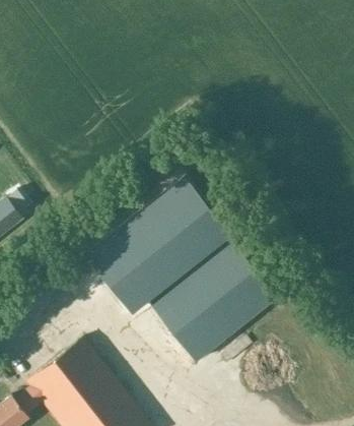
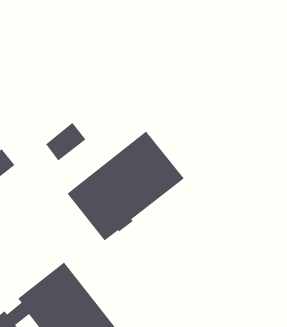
building: none -> [45,122,86,161]
building: [149,238,276,360] -> none

